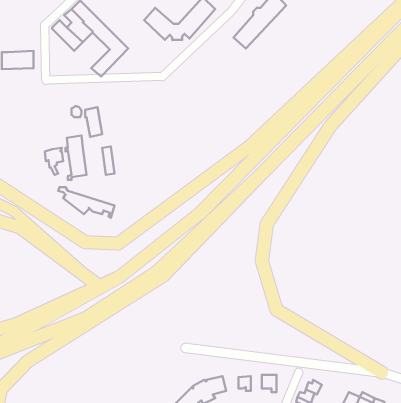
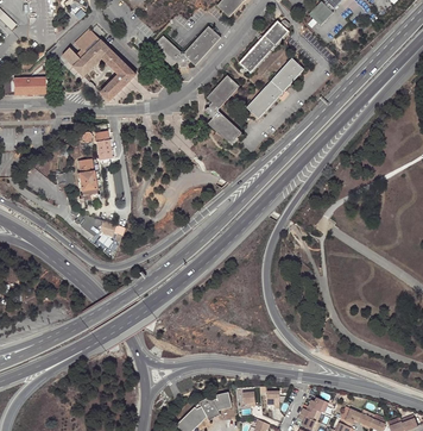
building: none -> [246,58,303,118]
building: none -> [204,75,240,144]

